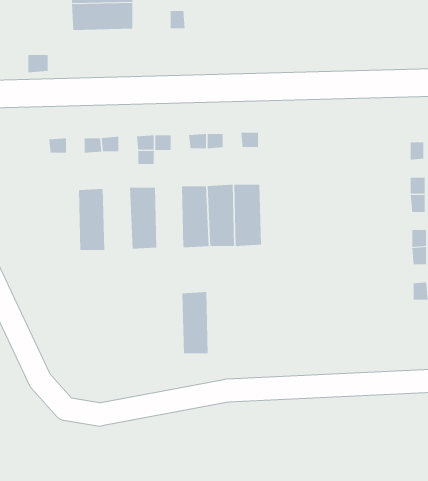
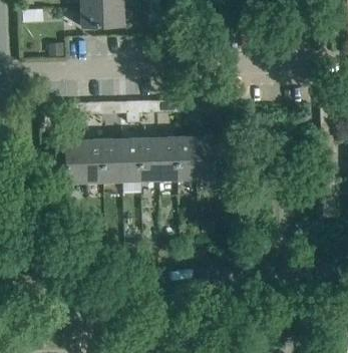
building: none -> [103,138,123,184]
building: none -> [65,140,86,185]
building: [182,292,208,354] -> [140,137,159,182]

